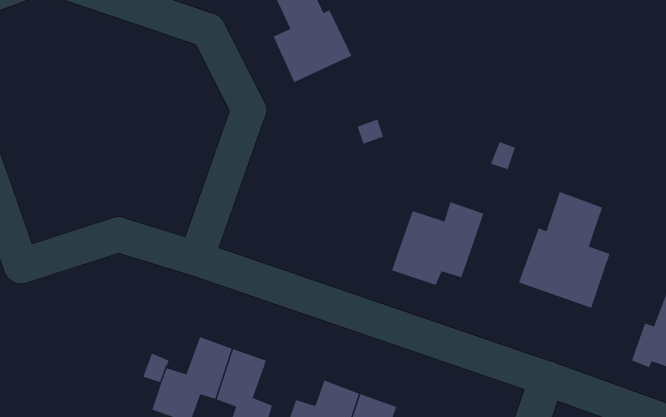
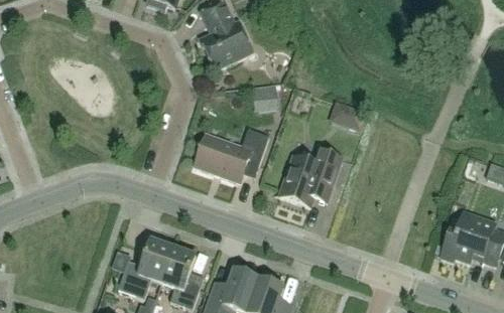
building: none -> [195,127,269,180]
building: [518,191,610,309] -> none

